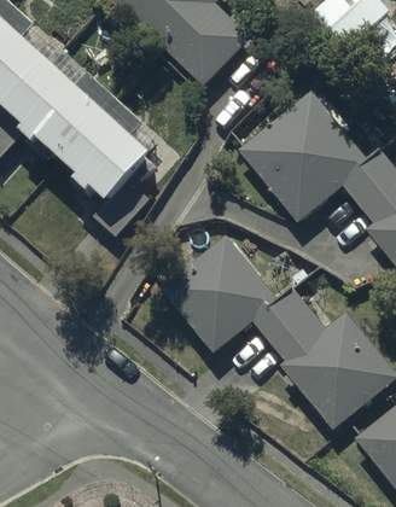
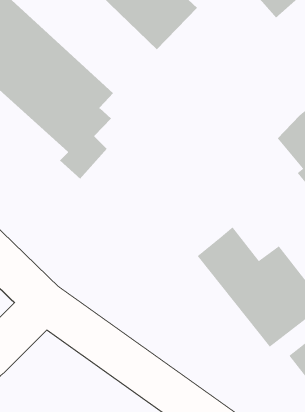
building: [238,92,368,225] -> none
building: [159,233,278,352] -> none

